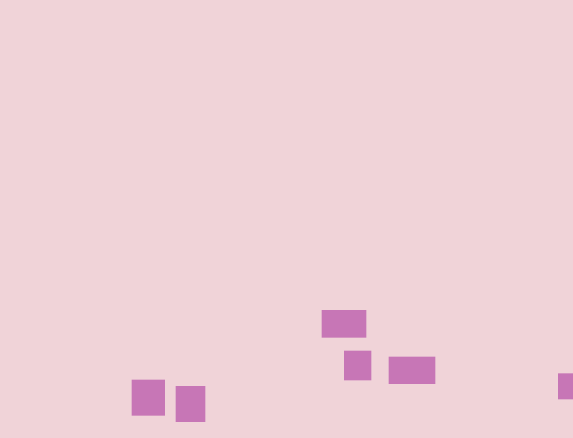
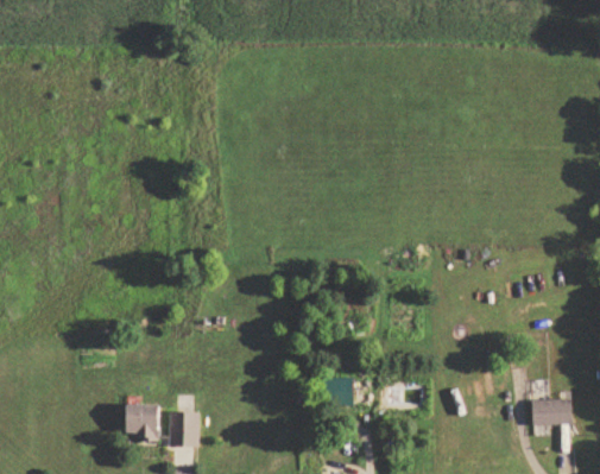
building: [321,309,367,339] -> none
building: [388,356,436,385] -> none

